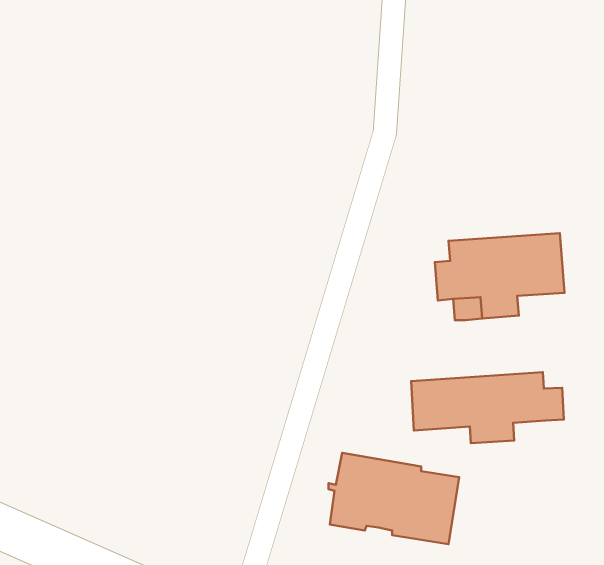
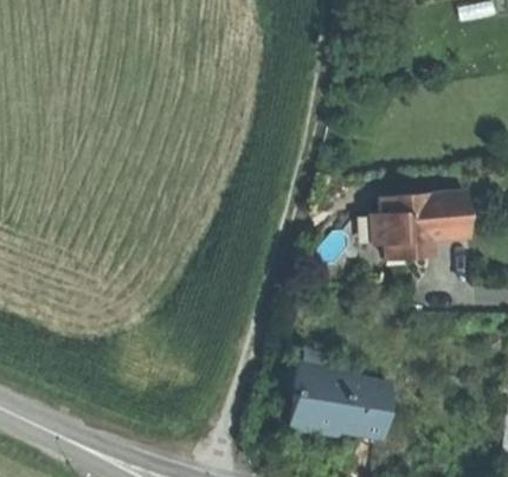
building: [411,372,564,443] -> none

